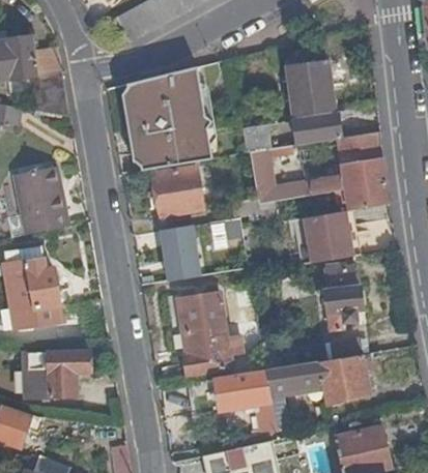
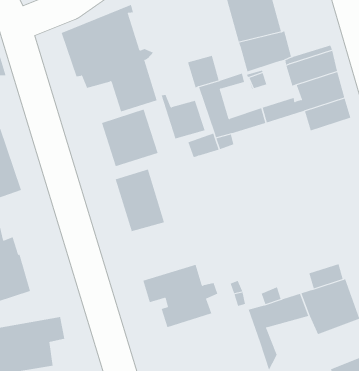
building: [135,127,172,171] -> [161,94,205,139]
building: [304,210,351,263] -> none
building: [324,266,363,329] -> none
building: [166,294,223,328] -> none
building: [189,369,272,414] -> none

